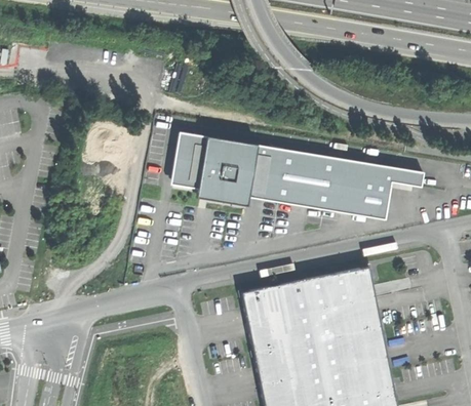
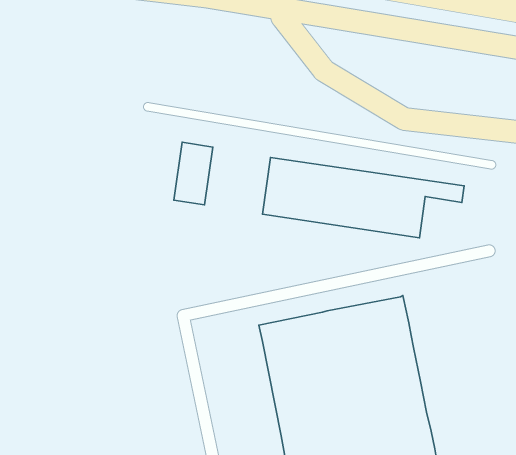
building: [196,137,254,203] -> none

